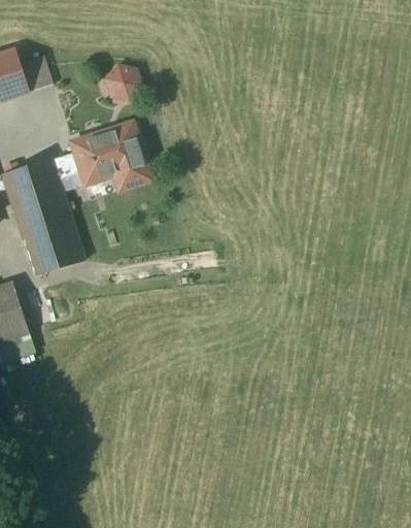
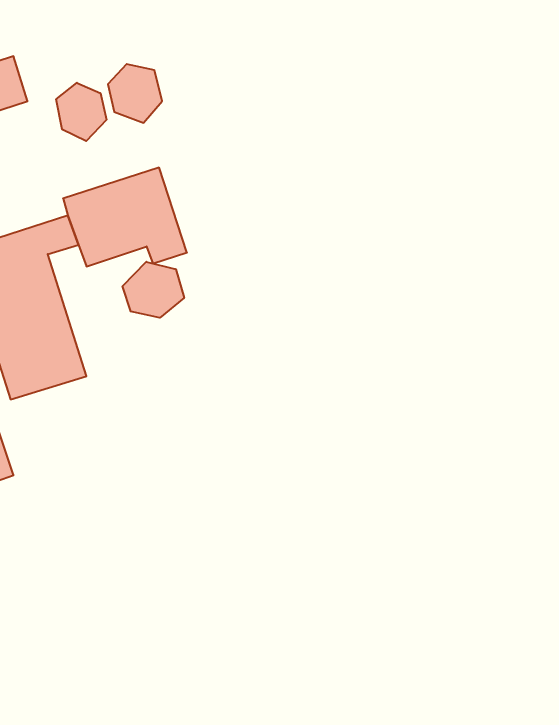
building: none -> [56,83,106,141]
building: none -> [123,262,184,318]

